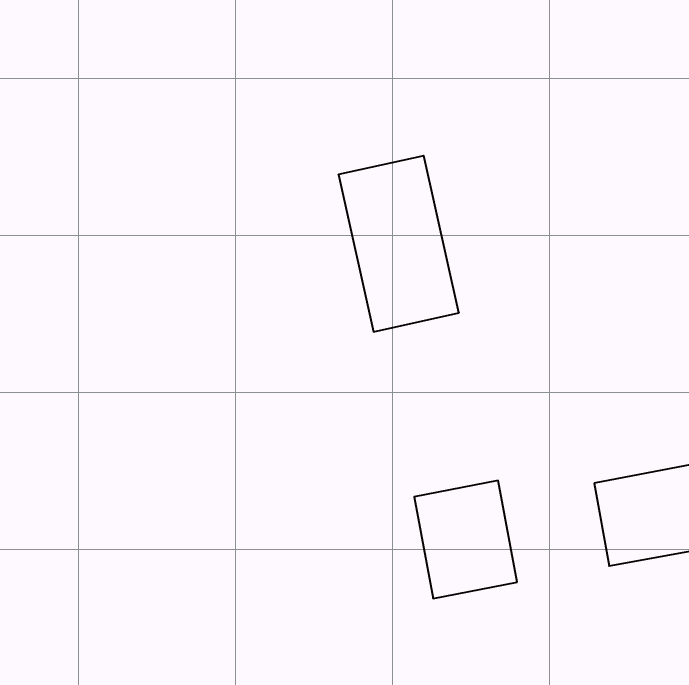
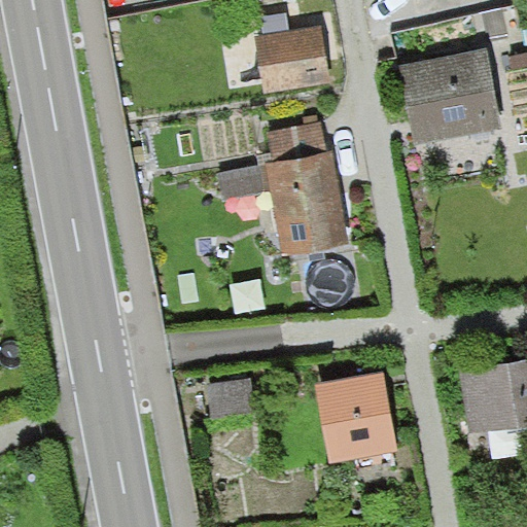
building: none -> [248,23,332,94]
building: none -> [399,47,498,148]

